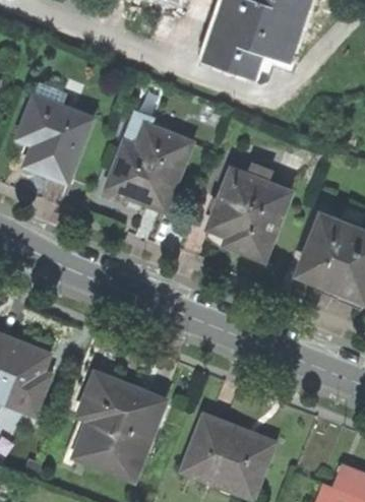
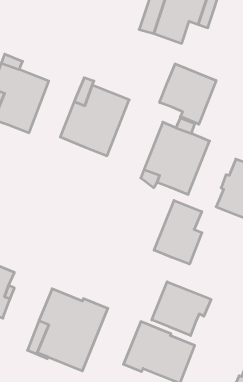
building: none -> [160,64,216,124]
building: none -> [154,200,202,264]
building: none -> [152,282,211,336]

